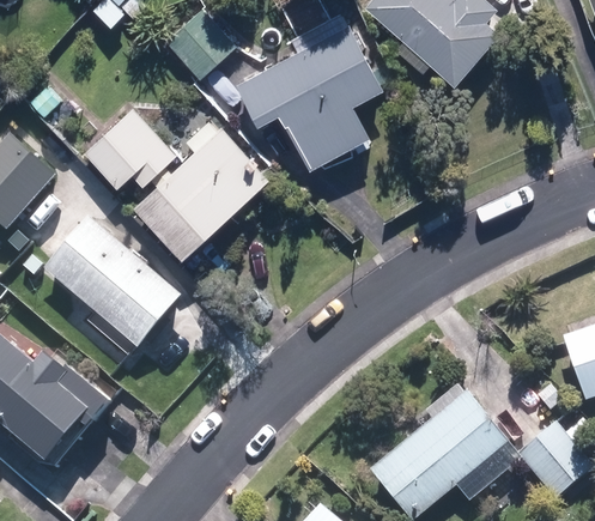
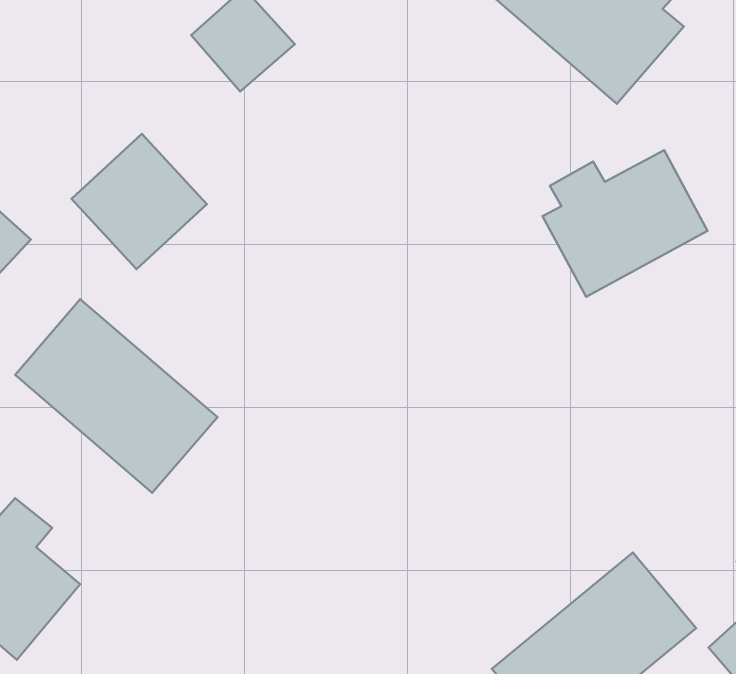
building: [237,23,384,169] -> none
building: none -> [542,150,708,297]
building: [138,127,269,256] -> none

